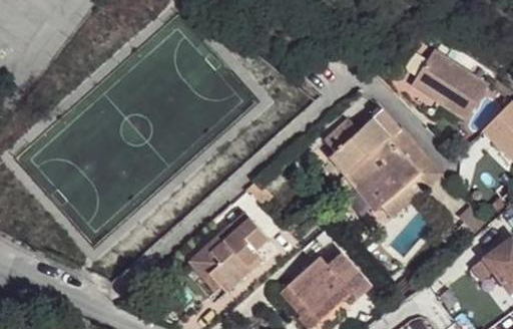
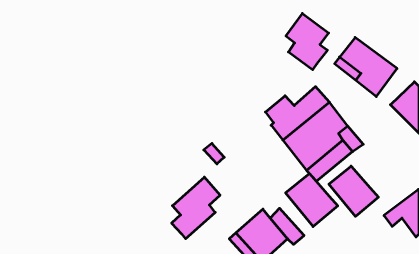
building: none -> [286,13,329,70]
building: none -> [329,166,378,216]
building: [189,213,250,293] -> none
building: none -> [286,174,338,227]

